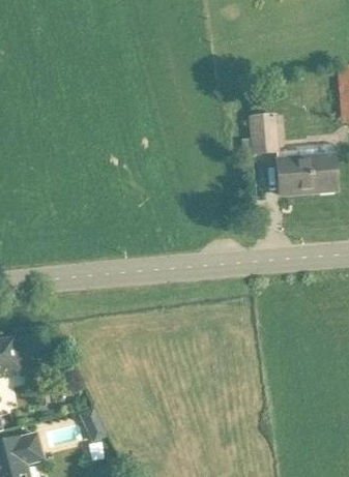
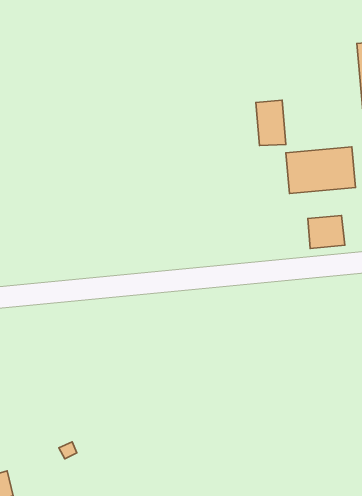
building: none -> [308,216,345,248]

